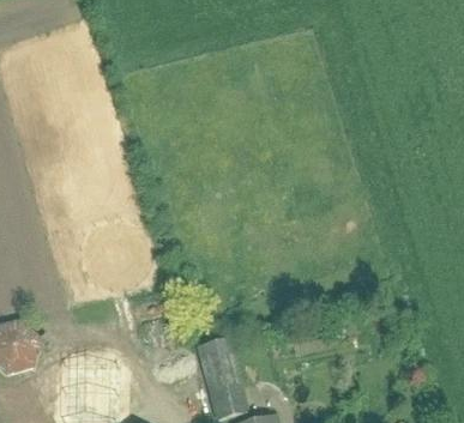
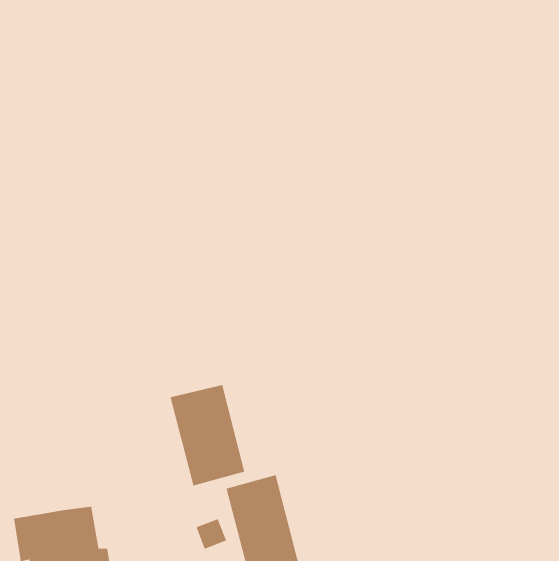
building: none -> [170,384,245,486]

